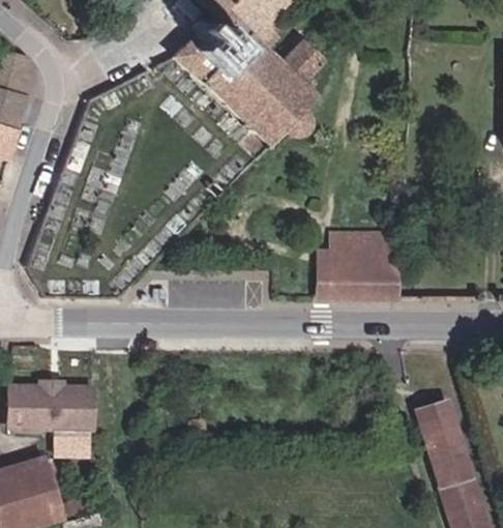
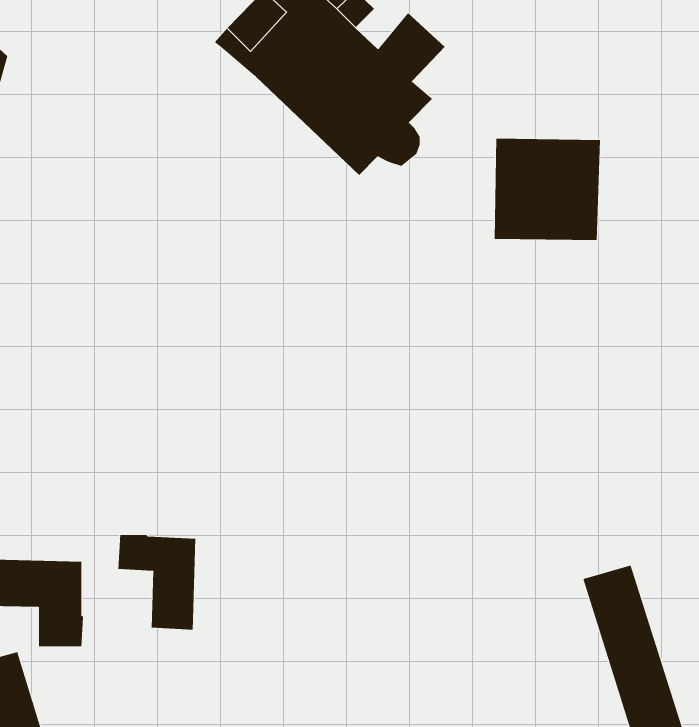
building: [332,232,403,299] -> [494,138,601,241]
building: none -> [118,534,196,630]

